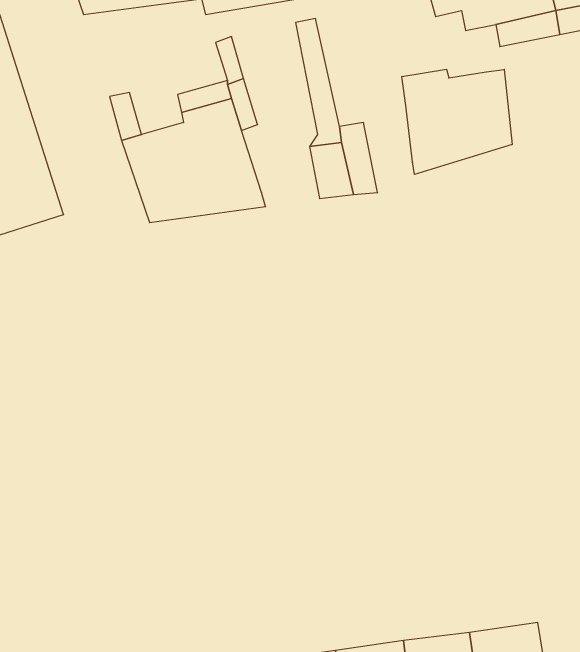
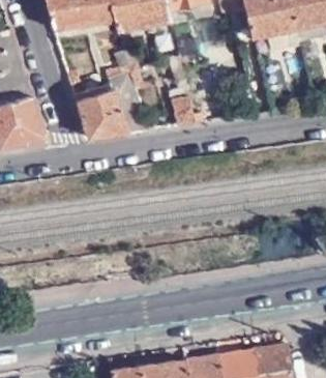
building: [402,69,512,174] -> none

